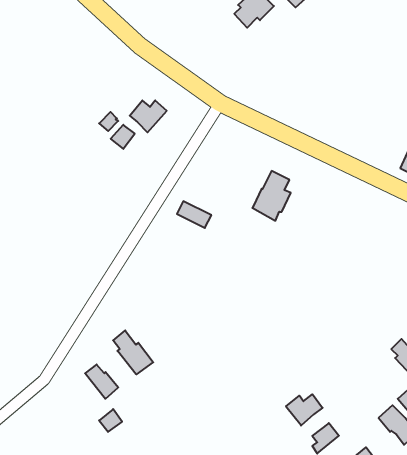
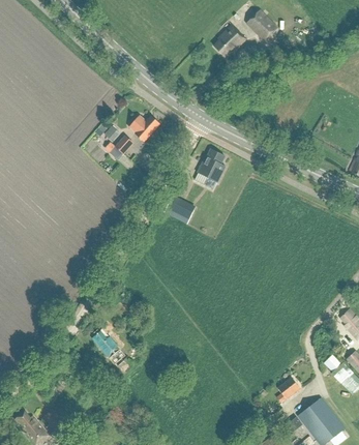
building: [252,171,291,221] -> [195,149,226,189]
building: [113,330,153,374] -> none
building: [286,394,323,426] -> none

